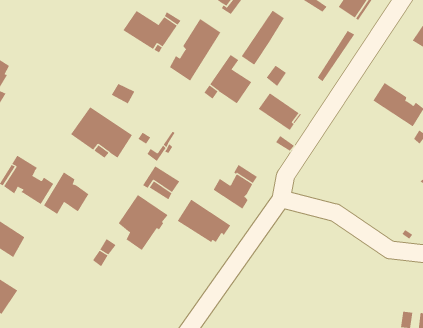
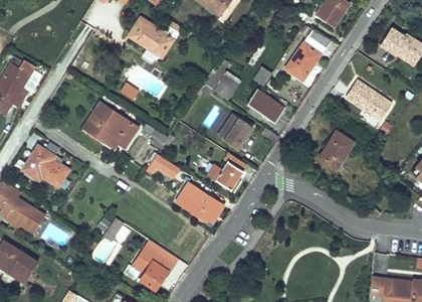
building: [241,10,285,66] -> [285,28,324,77]
building: [169,18,221,81] -> none
building: none -> [224,118,252,146]
building: none -> [318,130,353,169]
building: [43,172,89,215] -> none
building: [118,194,169,251] -> [133,241,177,290]

